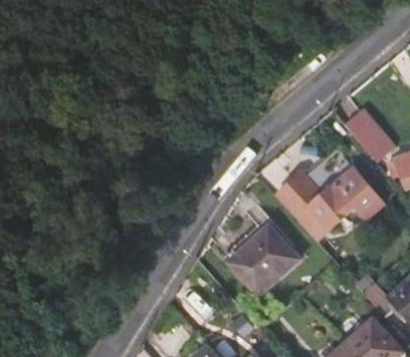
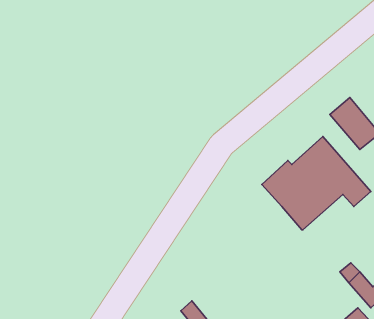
building: [223,220,300,296] -> none

